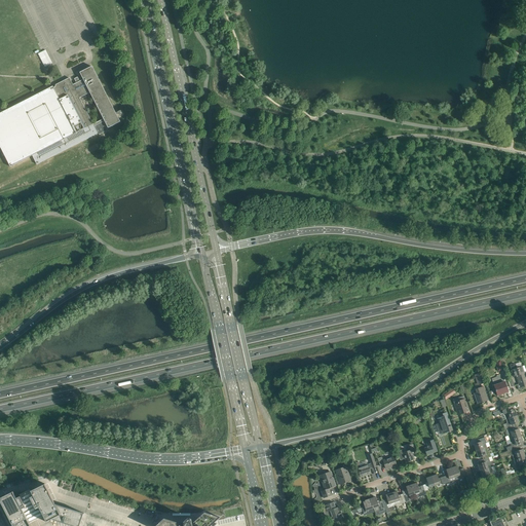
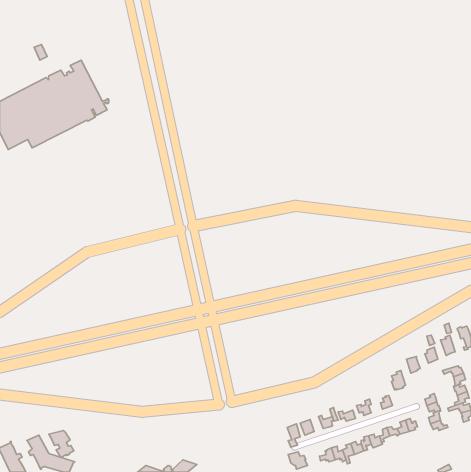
building: [12,489,40,519] -> [49,431,74,457]

